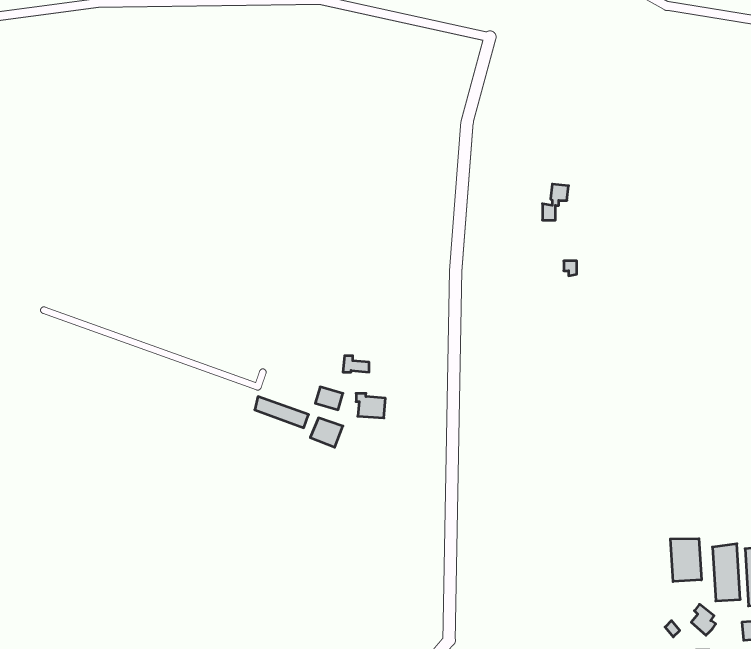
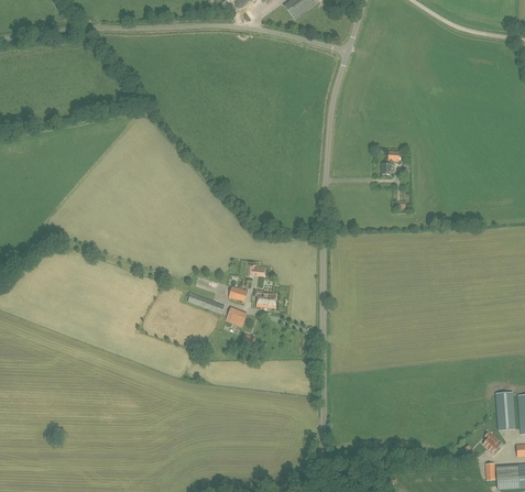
building: [670,539,701,582] -> none

